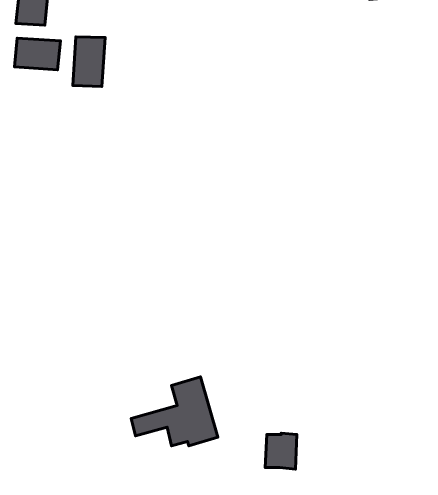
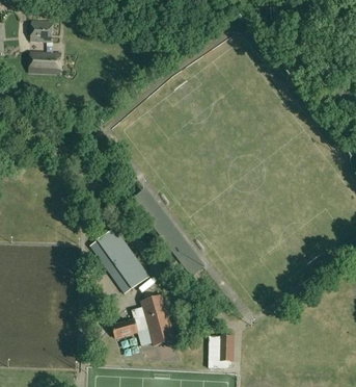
building: [73,37,105,86] -> none
building: none -> [89,227,148,293]

